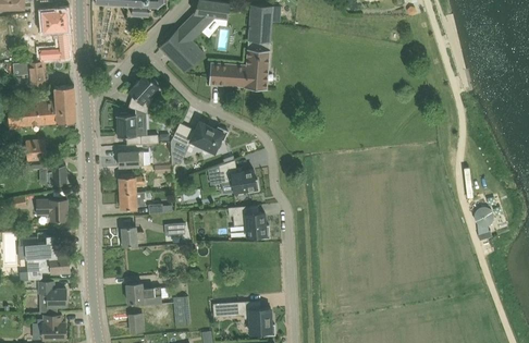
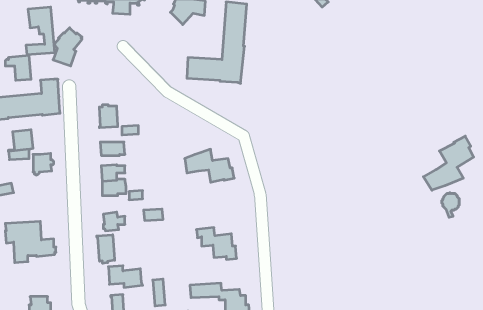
building: [159,28,204,73] -> none
building: [127,74,158,114] -> [53,28,82,66]
building: [171,122,227,166] -> none
building: none -> [423,136,474,190]
building: [37,199,67,222] -> none
building: [227,206,270,240] -> [196,228,237,259]
building: none -> [97,235,115,263]
building: [37,281,66,313] -> none

